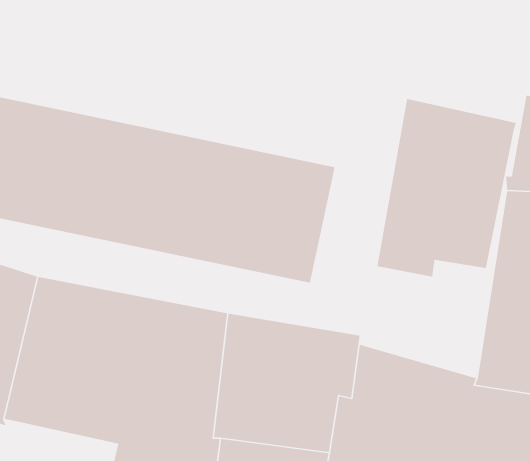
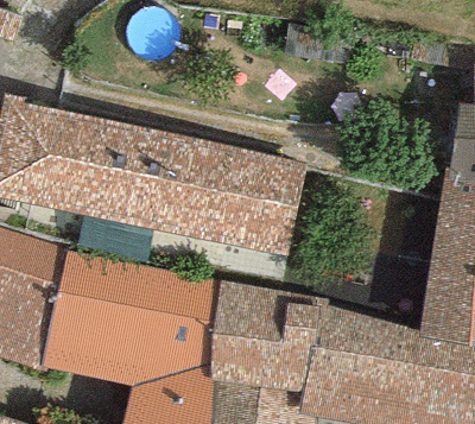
building: [377,98,517,277] -> none

